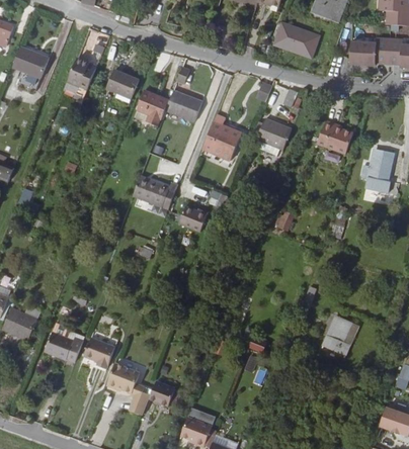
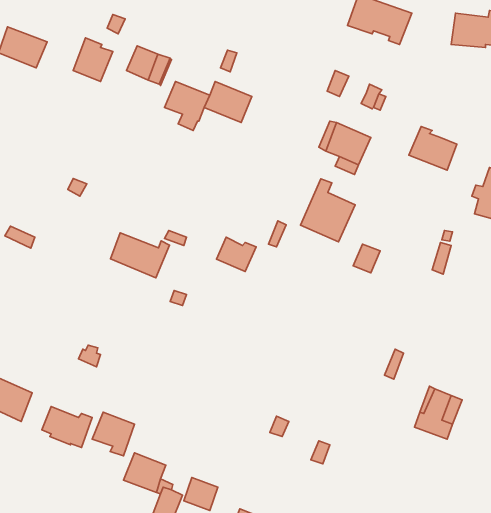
building: [200,113,241,160] -> [300,179,355,242]
building: [133,175,176,208] -> [111,233,169,278]

